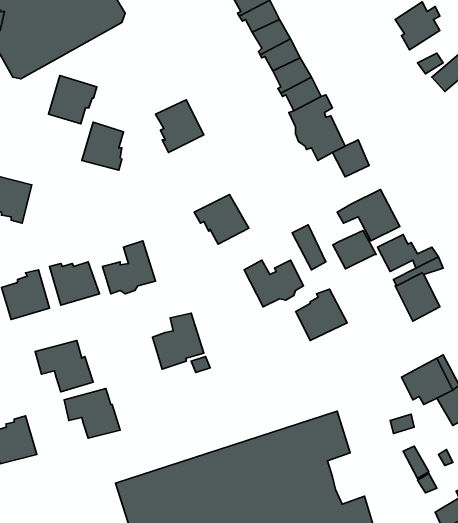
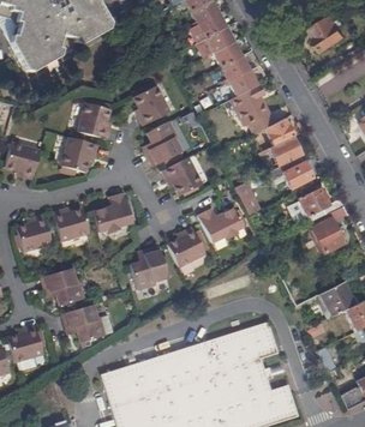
building: [49,76,97,124] -> [60,138,96,174]
building: none -> [144,122,181,168]
building: [333,230,376,269] -> [269,137,301,166]
building: [296,289,347,340] -> [167,228,205,266]

